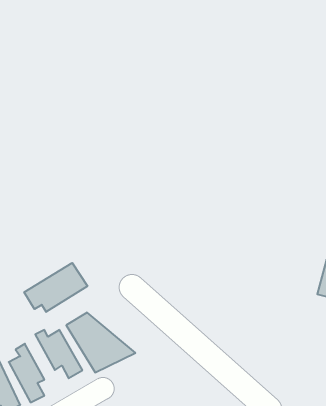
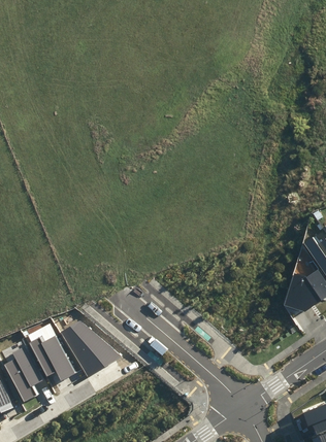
building: [24,263,87,312] -> none

